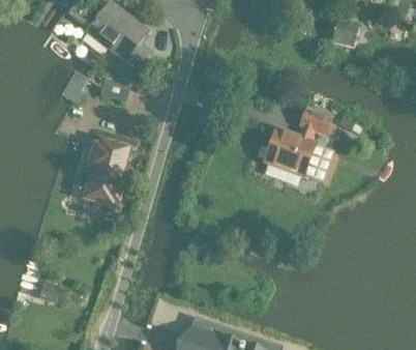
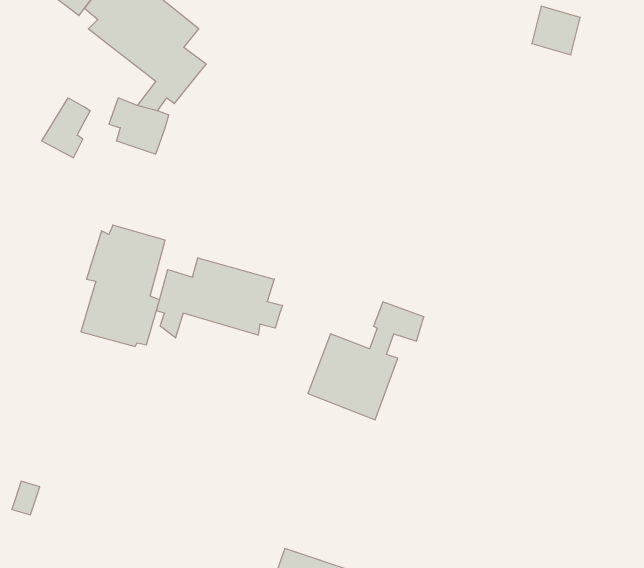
building: [265,110,329,175] -> [308,302,424,420]
building: none -> [156,258,282,338]

